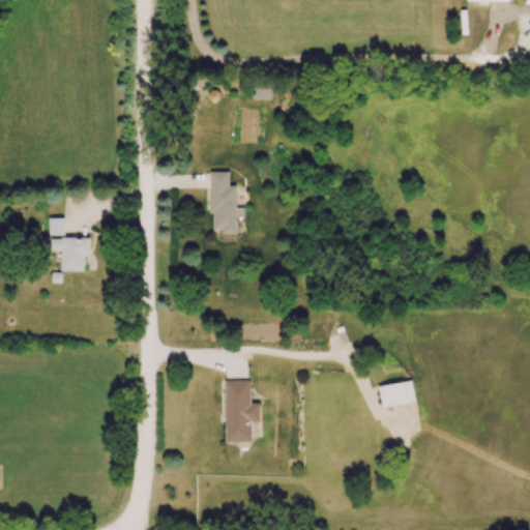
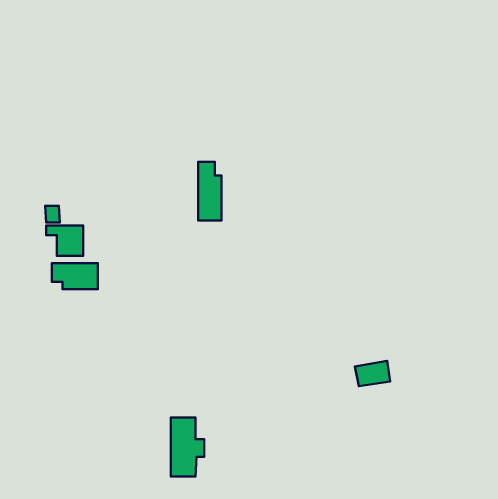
building: none -> [52,263,98,289]
building: [225,381,260,443] -> [171,418,204,476]

